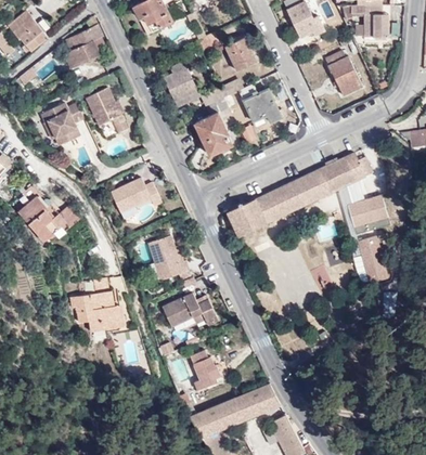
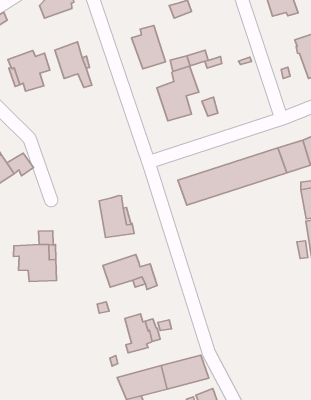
building: [224,37,256,70] -> none
building: [242,88,282,122] -> none
building: [112,179,162,212] -> none

